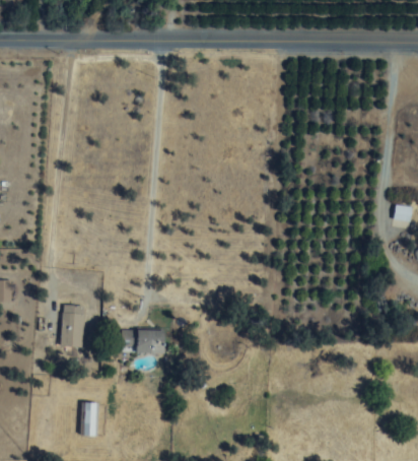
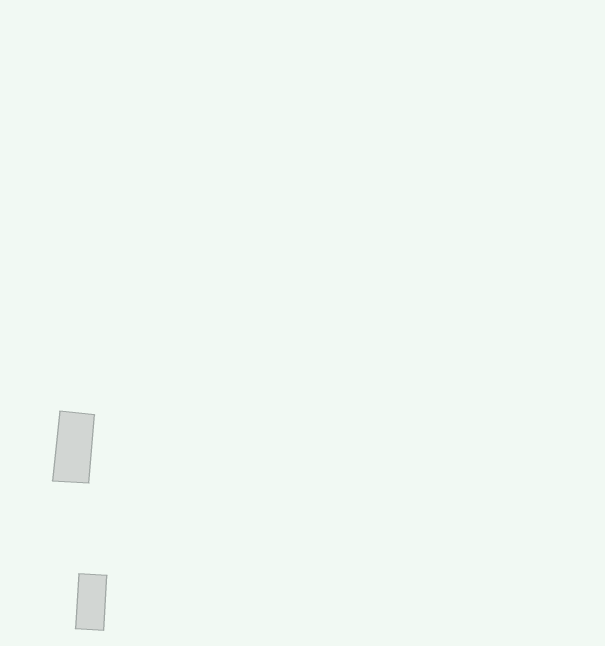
building: [126,328,165,352] -> none

